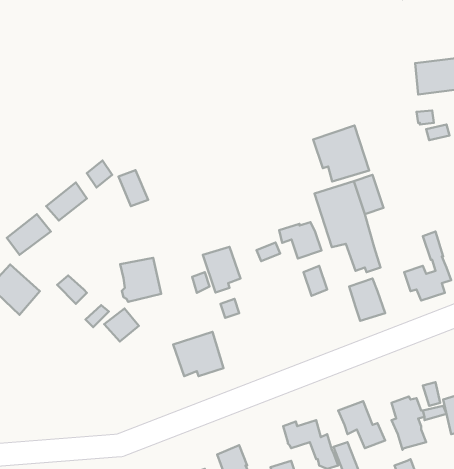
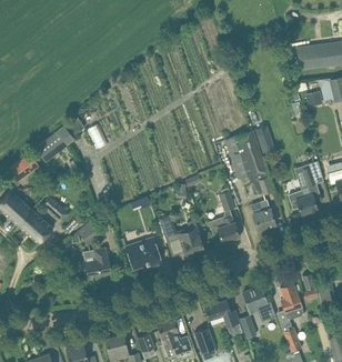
building: [313,126,369,181] -> none
building: [279,222,321,258] -> [209,217,239,242]
building: [203,247,241,292] -> [177,227,203,259]
building: [120,258,161,302] -> [82,248,111,279]
building: none -> [17,209,52,244]

